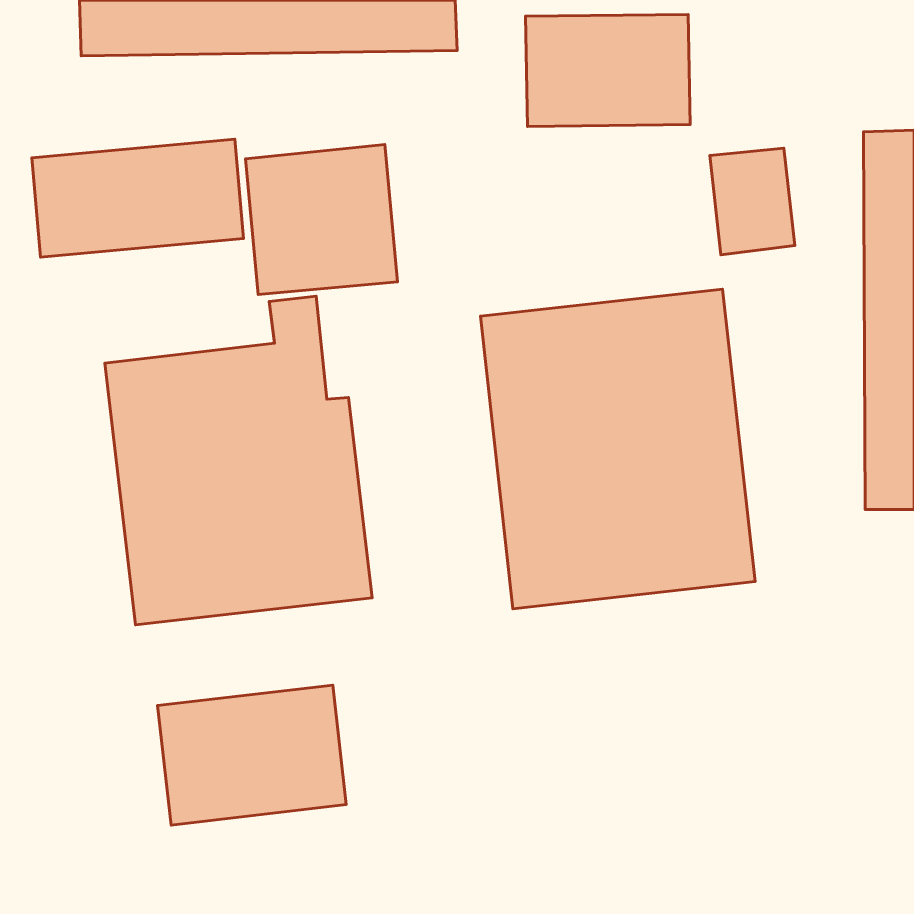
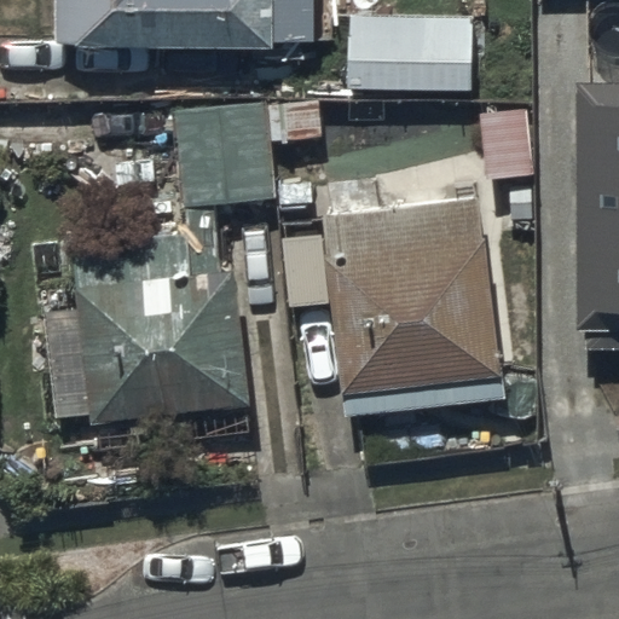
building: [32,139,243,257] -> none
building: [158,685,346,825] -> none

